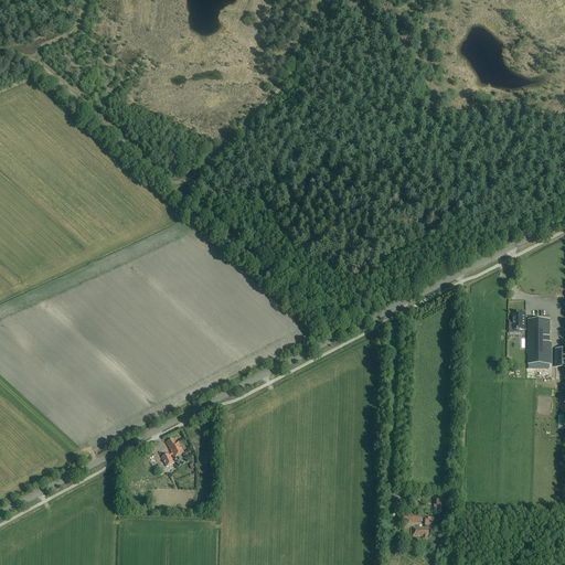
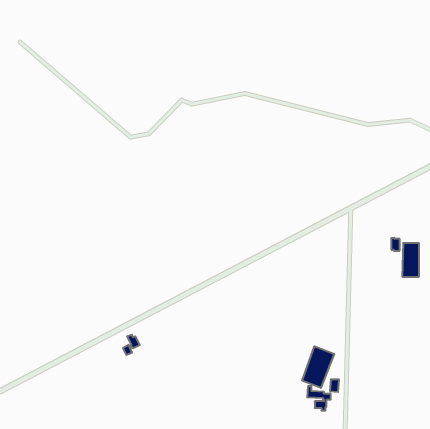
building: none -> [302,346,334,388]

